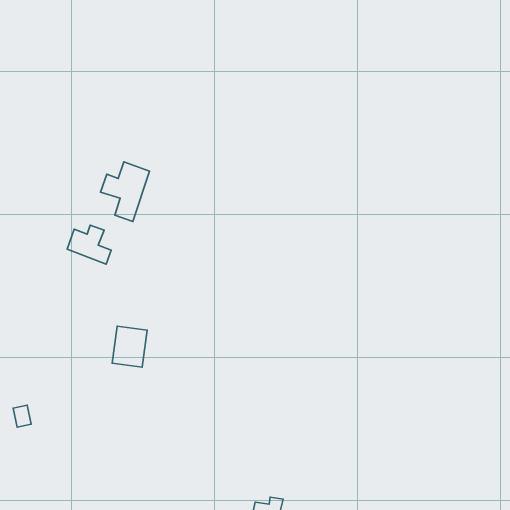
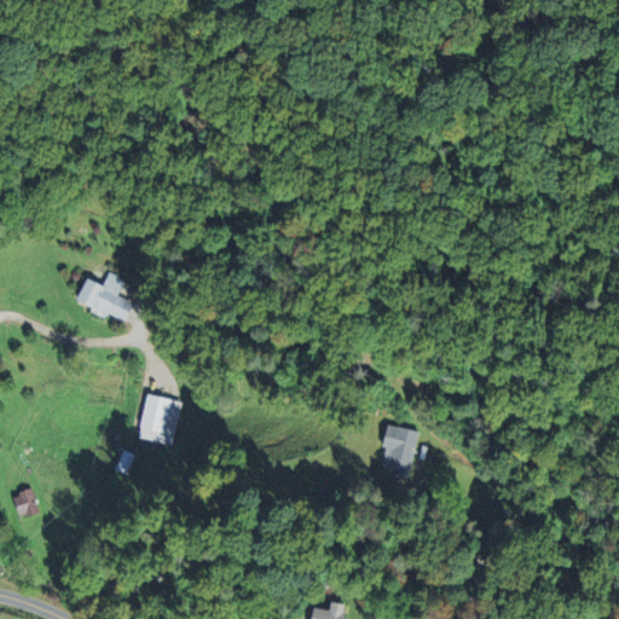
building: [100,162,149,222] -> none
building: none -> [380,427,415,479]

